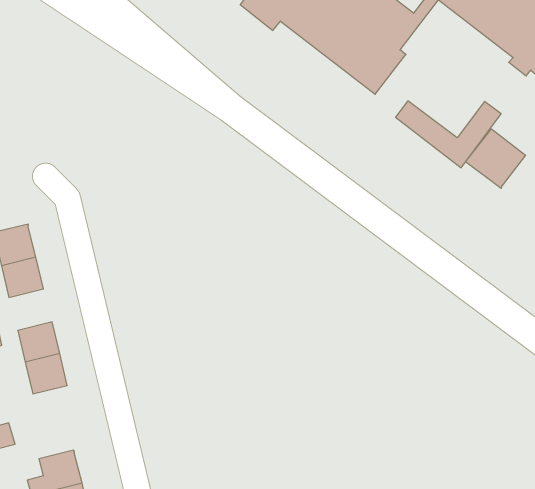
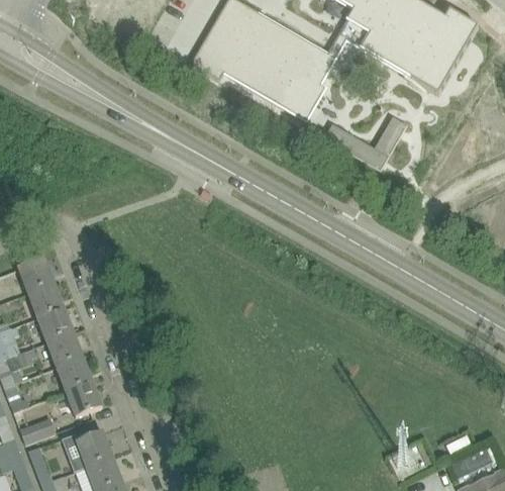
building: [466,129,526,188] -> none
building: none -> [36,306,73,341]
building: none -> [65,380,101,415]

